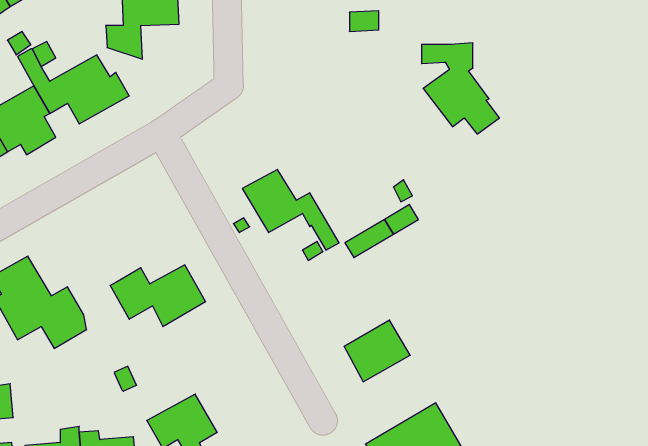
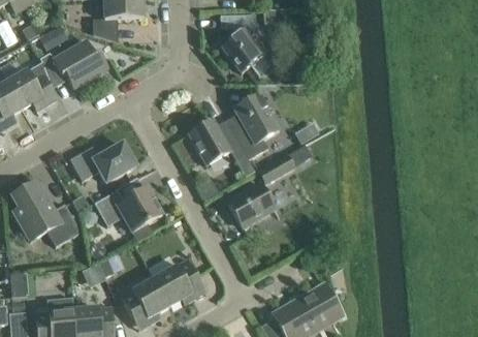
building: [422,43,499,134] -> [220,13,275,78]
building: none -> [233,94,279,159]
building: none -> [69,143,135,183]
building: [344,320,410,382] -> [228,183,275,226]
building: none -> [155,259,198,305]

